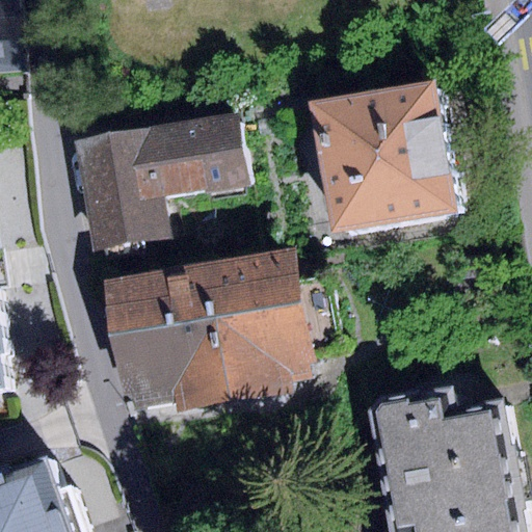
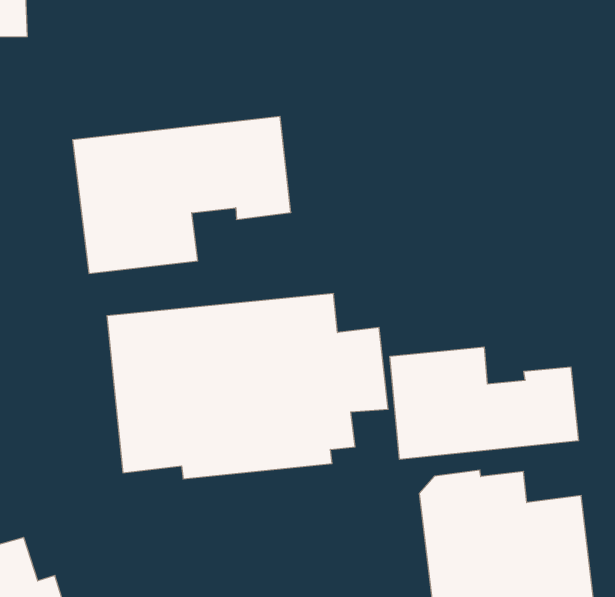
building: [314,83,461,235] -> none
building: none -> [390,347,579,459]

